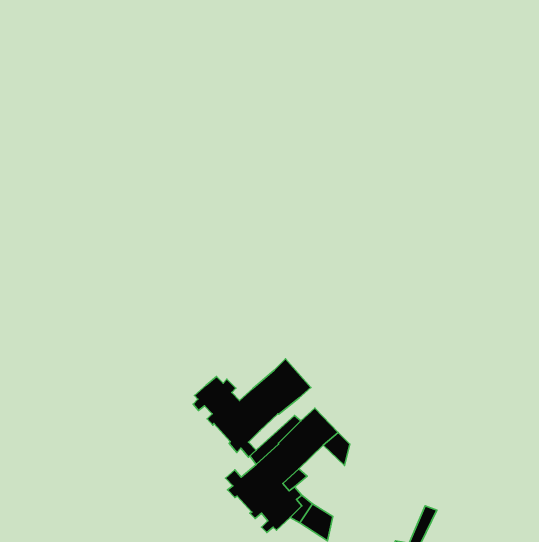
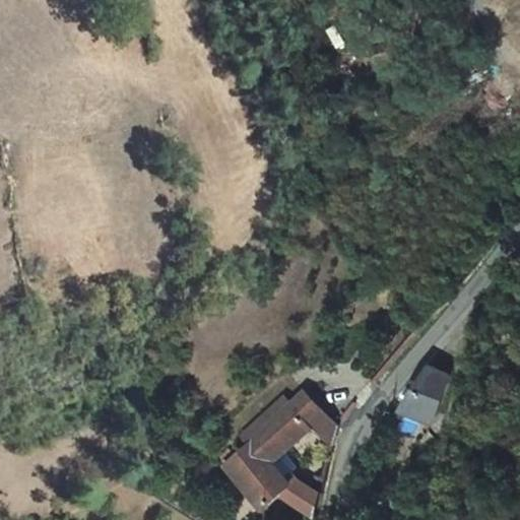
building: [193,359,311,457] -> none
building: none -> [398,368,445,424]

